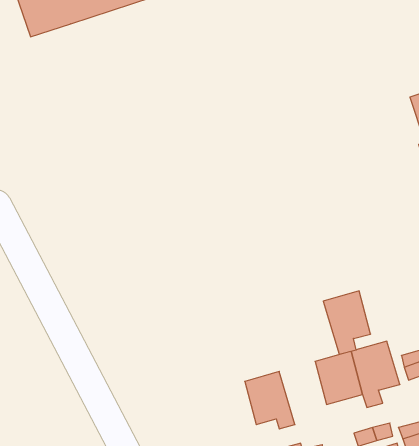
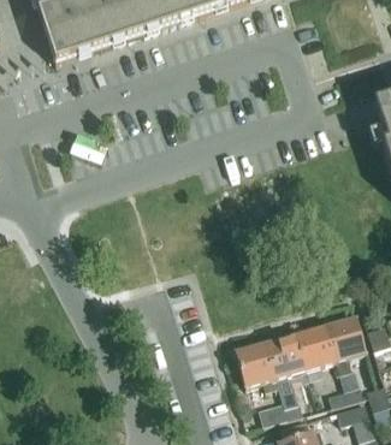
building: [323,291,371,354] -> [265,331,304,384]

